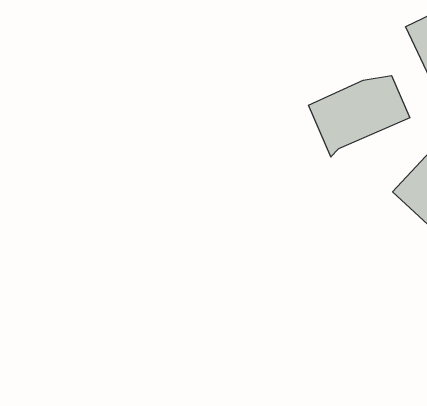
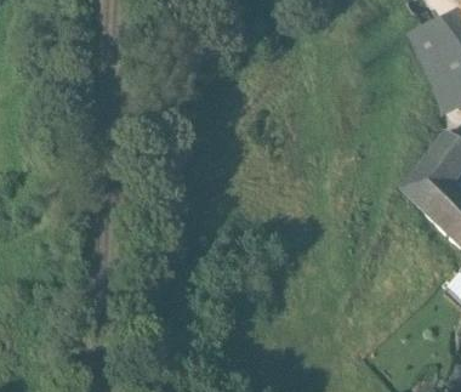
building: [309,76,410,157] -> none

